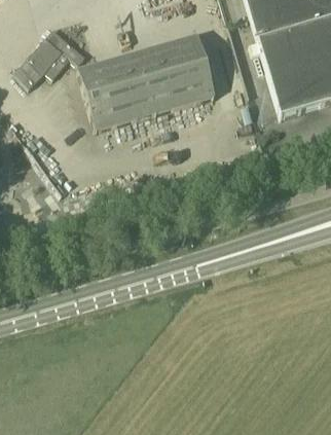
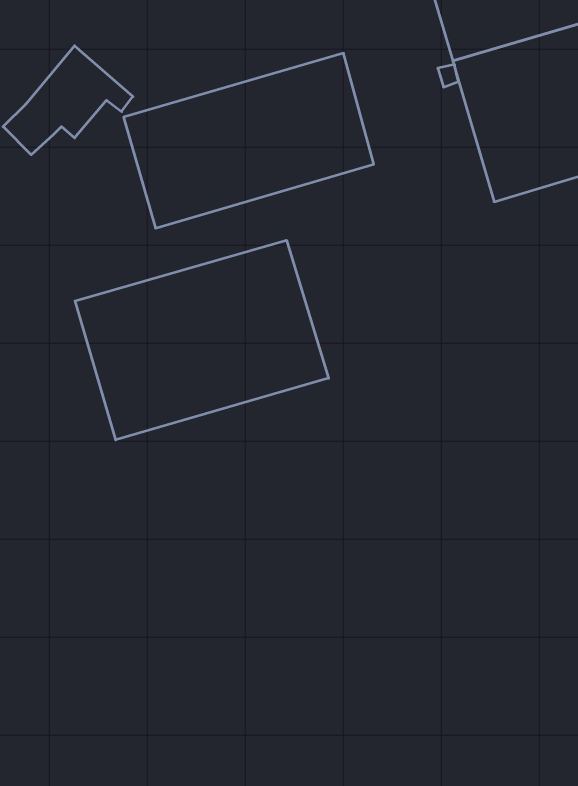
building: none -> [75,240,329,440]

